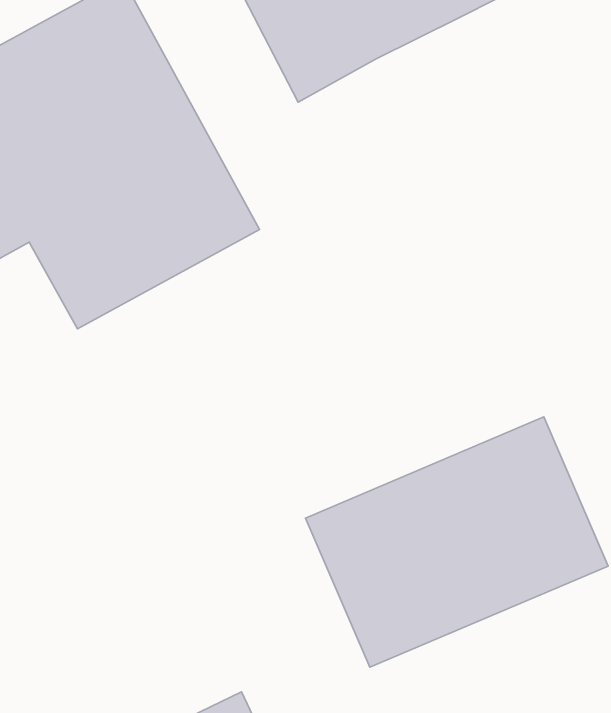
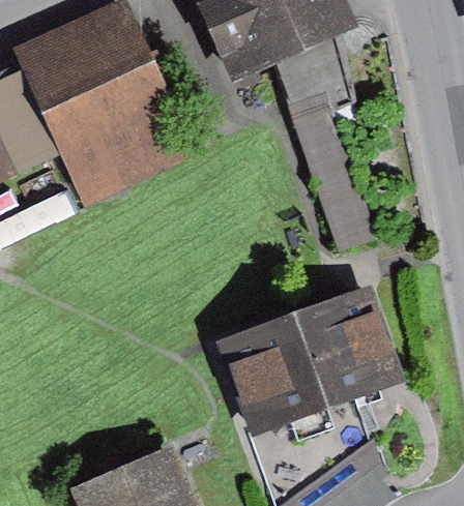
building: none -> [279,33,377,252]

